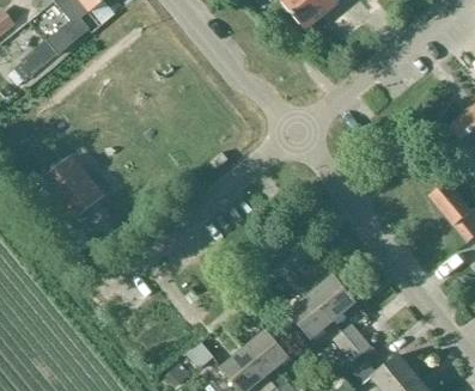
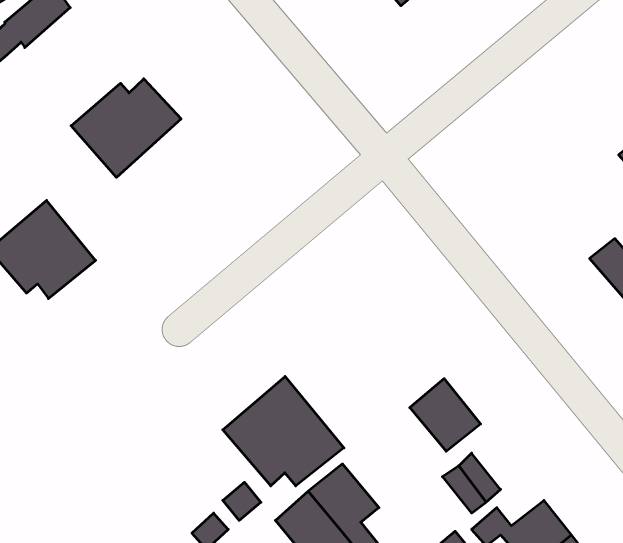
building: none -> [71,79,181,177]
building: none -> [223,376,344,486]
building: [290,292,335,338] -> none

